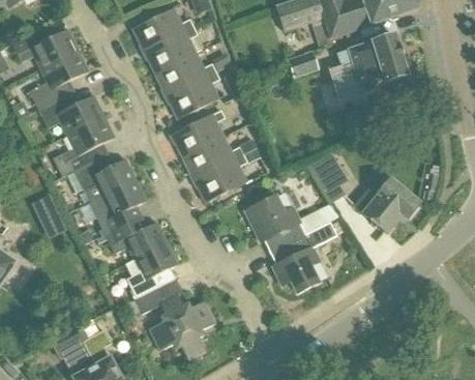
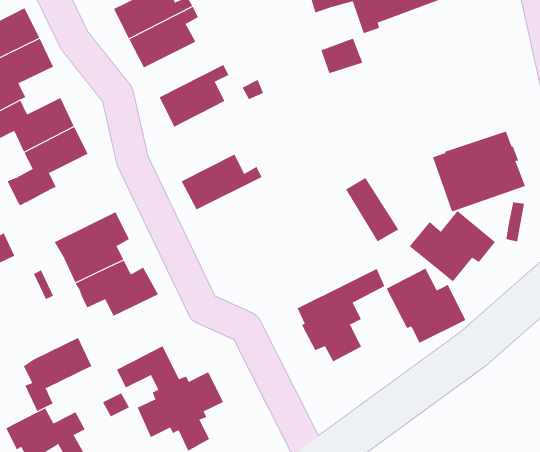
building: [337,32,408,93] -> [432,131,526,212]
building: [155,52,215,93] -> none
building: [172,109,226,156] -> none
building: [195,153,248,201] -> none
building: [66,156,135,202] -> none
building: [245,195,305,252] -> [386,268,466,344]
building: [125,241,177,297] -> [23,337,92,412]

